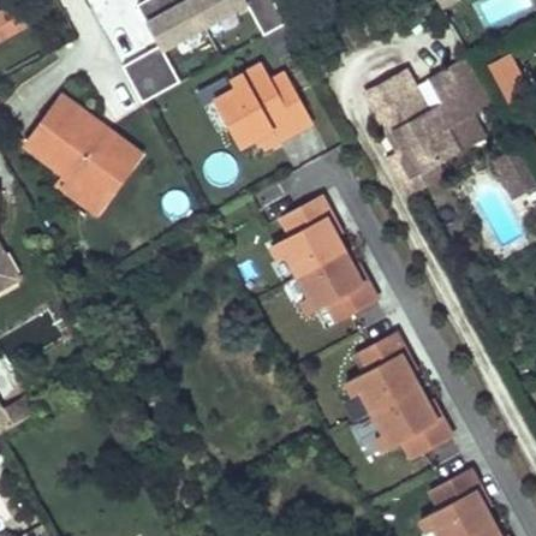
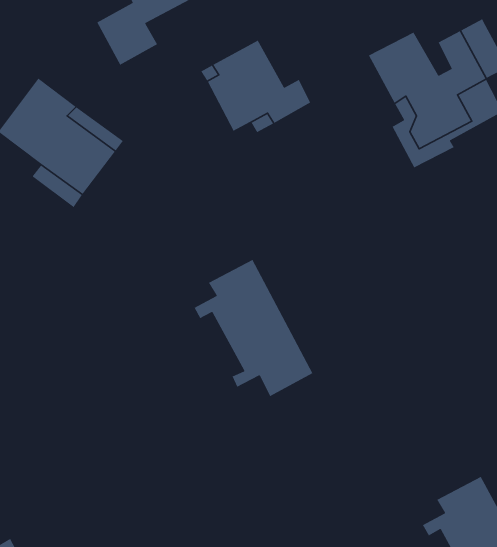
building: [266,196,375,322] -> [193,259,313,397]
building: [340,332,449,458] -> none

